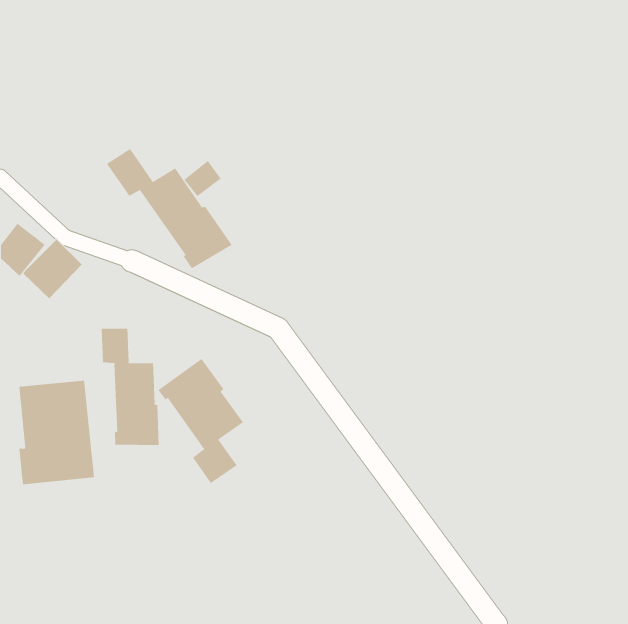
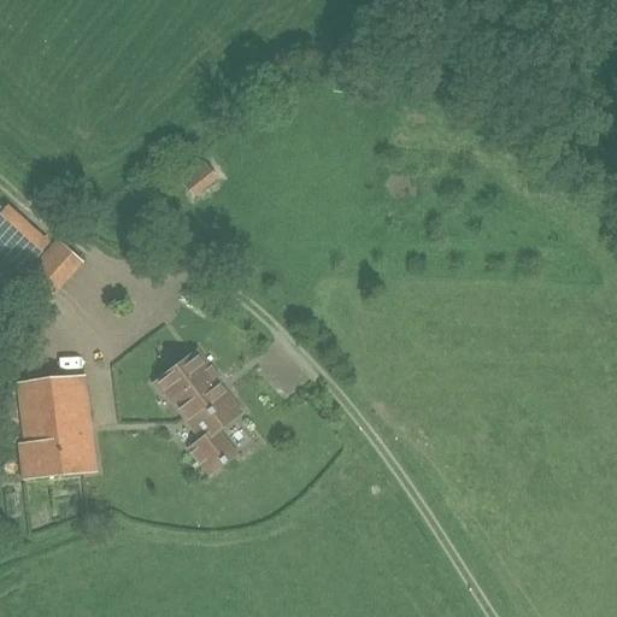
building: [106,148,232,269] -> none
building: [101,328,159,446] -> none

